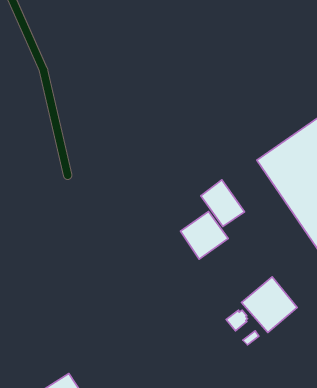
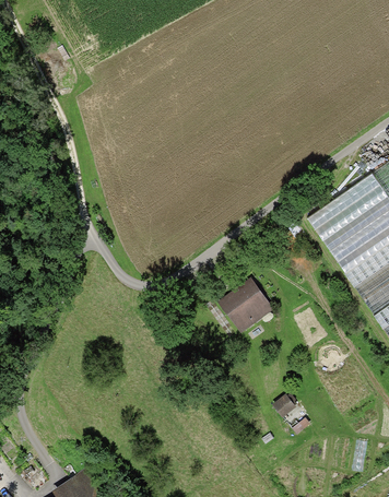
building: [201,180,244,227] -> none
building: [241,277,297,332] -> none

